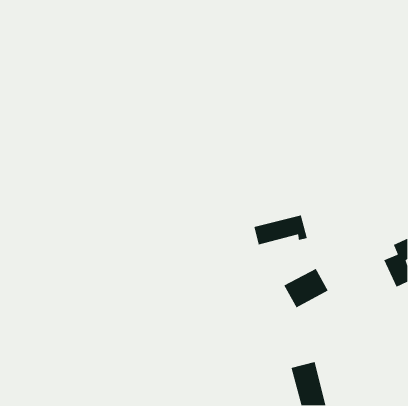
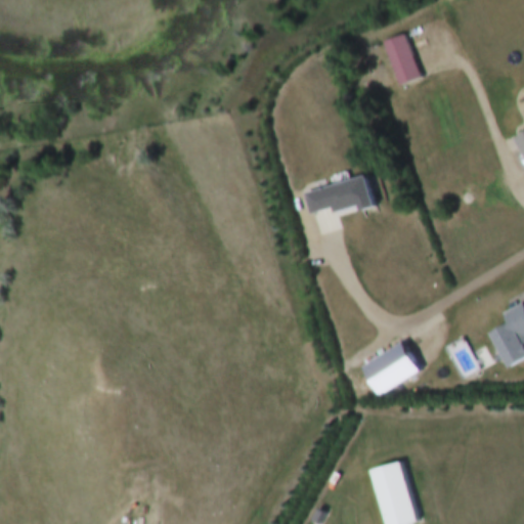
building: none -> [382,34,420,85]
building: [253,214,308,246] -> [304,176,374,216]

